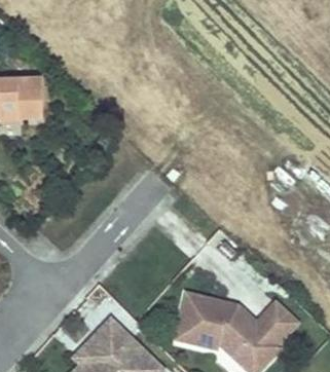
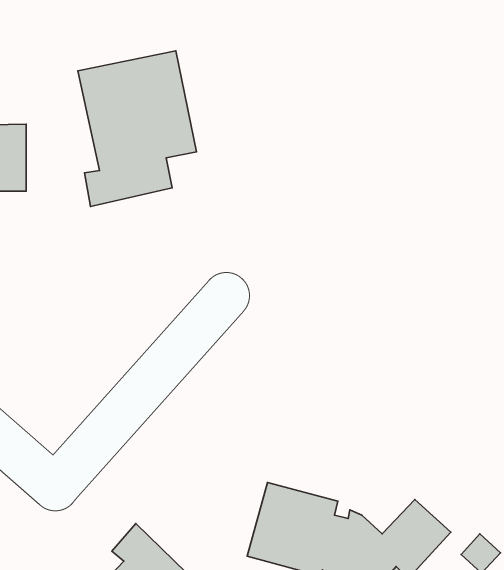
building: none -> [78,51,197,206]

